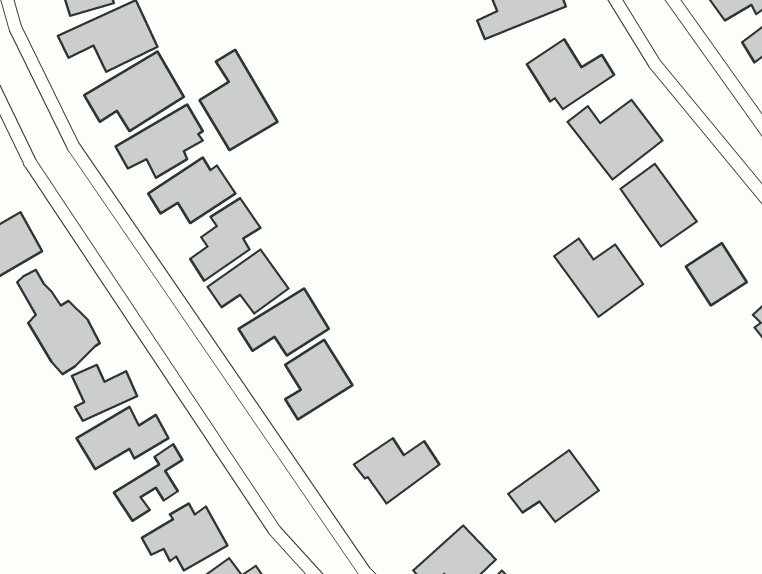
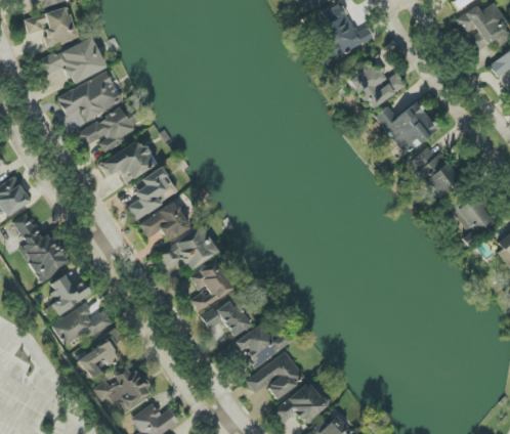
building: [200,50,277,150] -> none
building: [554,239,643,317] -> none
building: none -> [202,299,256,335]
building: [508,450,599,522] -> [246,351,305,398]

